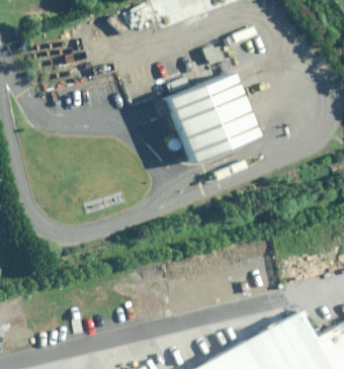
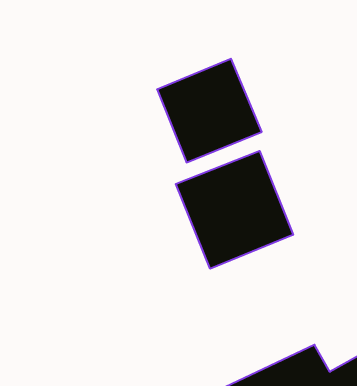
building: none -> [176,151,293,269]

